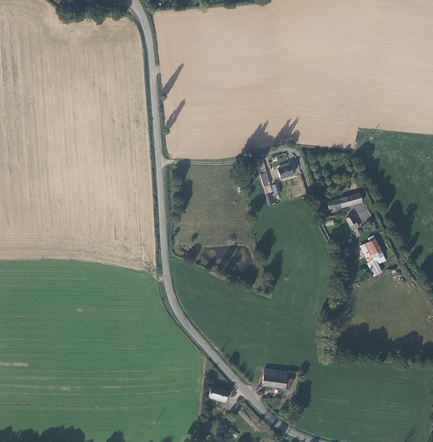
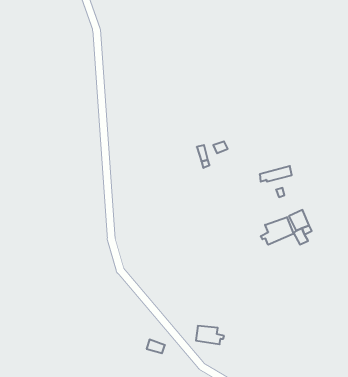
building: none -> [261,217,294,245]

